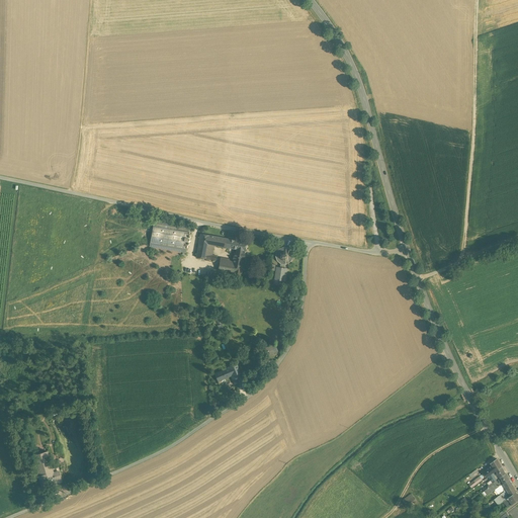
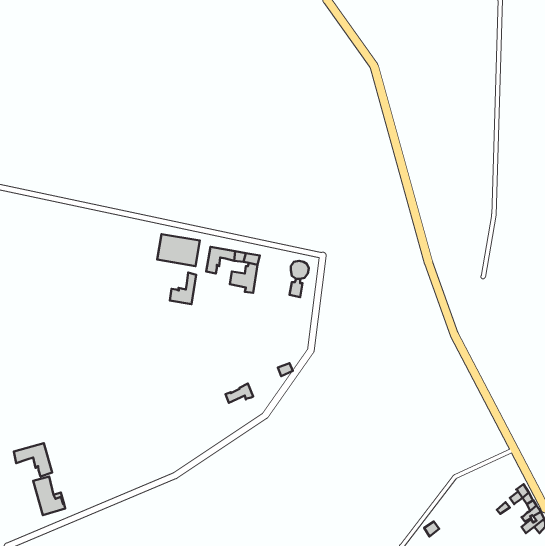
building: none -> [170,273,196,304]
building: none -> [14,443,52,477]

